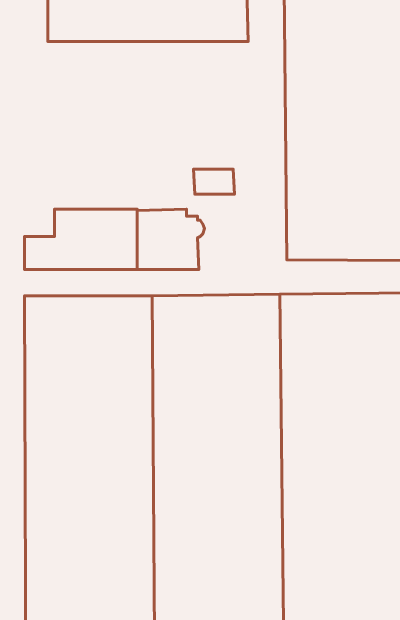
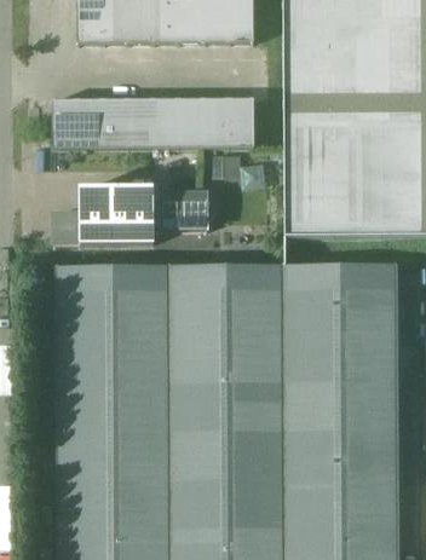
building: none -> [54,97,257,148]

